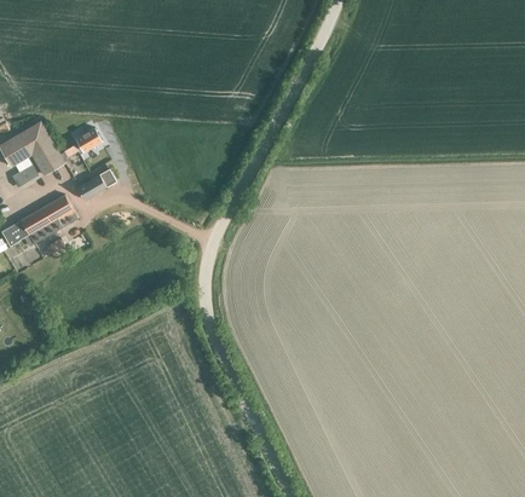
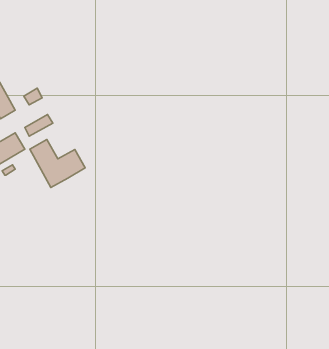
building: none -> [30,140,85,188]

